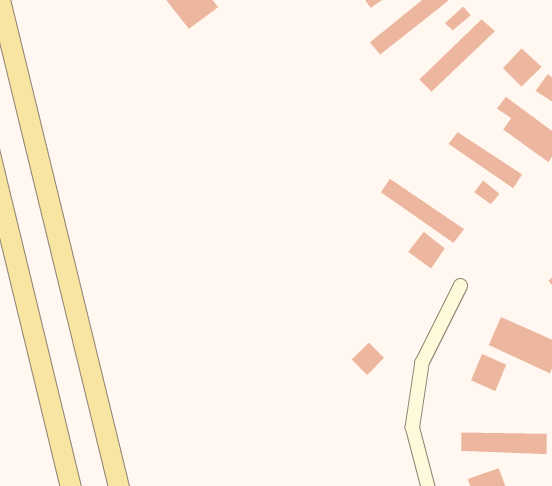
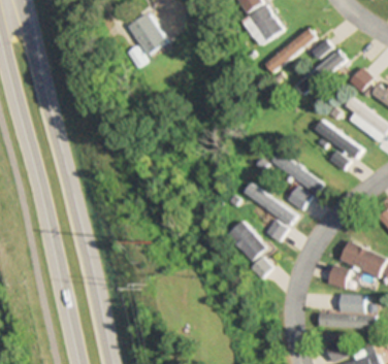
building: none -> [245,184,298,241]
building: none -> [227,221,267,261]
building: none -> [342,294,366,311]

